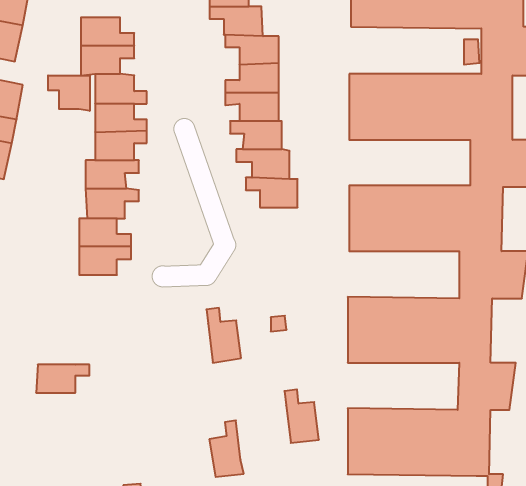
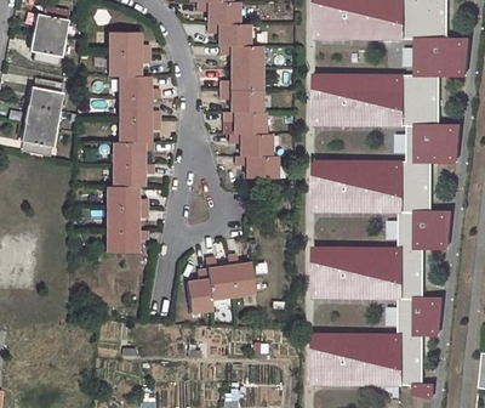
building: [48,75,90,111] -> none
building: [36,365,89,393] -> [104,229,146,251]
building: [284,389,319,443] -> [226,253,252,294]
building: [209,420,244,477] -> [184,267,211,311]

